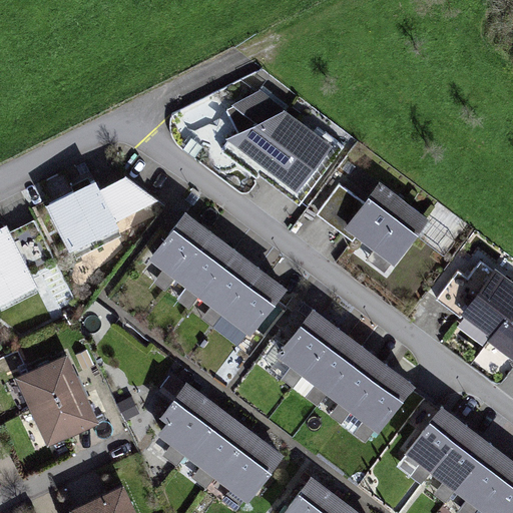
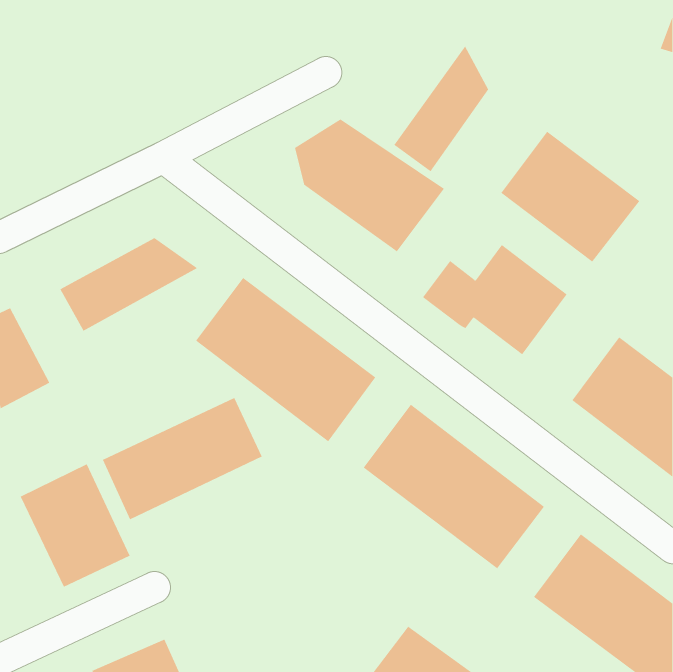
building: none -> [394,45,489,172]
building: none -> [501,131,640,263]
building: none -> [102,397,262,520]
building: [157,383,283,505] -> none

